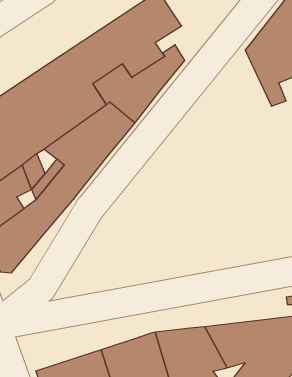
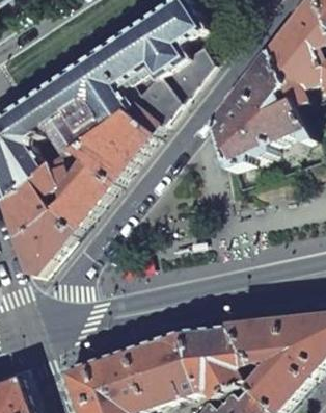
building: none -> [209,53,306,170]

